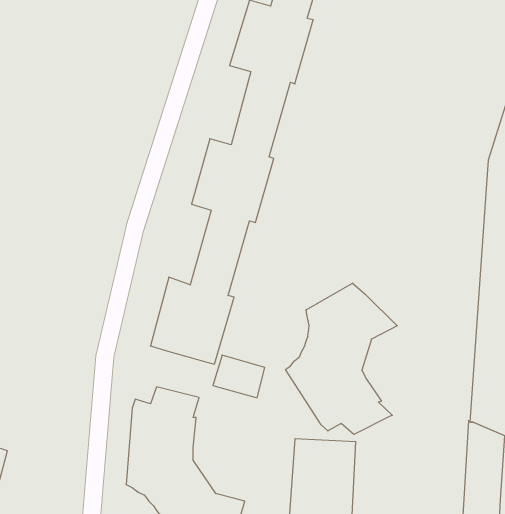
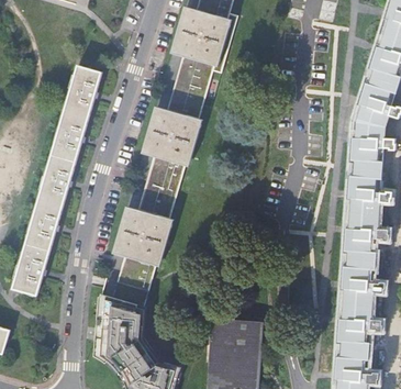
building: none -> [13,66,101,294]
building: [285,283,397,434] -> none
building: [213,355,265,398] -> [116,257,154,288]

